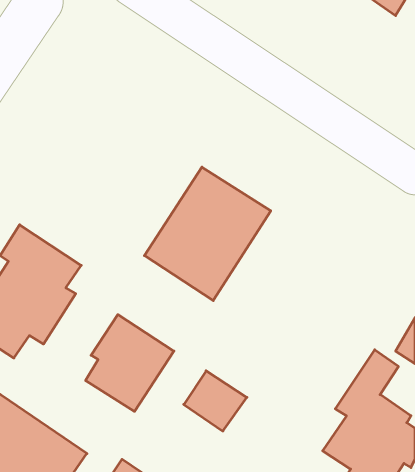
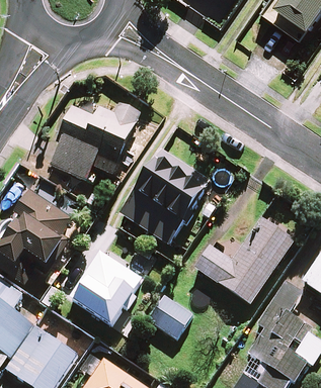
building: none -> [52,105,142,182]
building: none -> [196,219,295,306]

